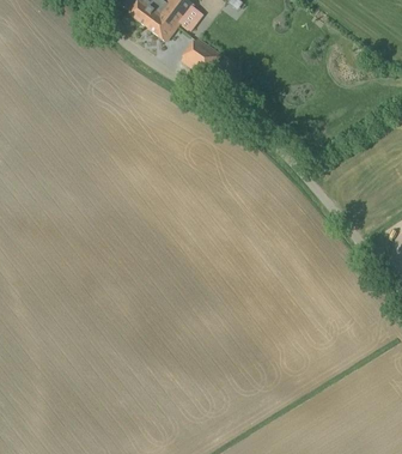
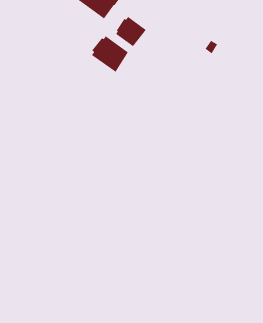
building: none -> [91,35,129,73]

